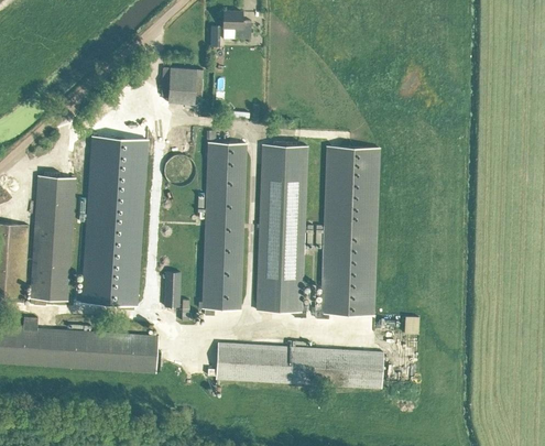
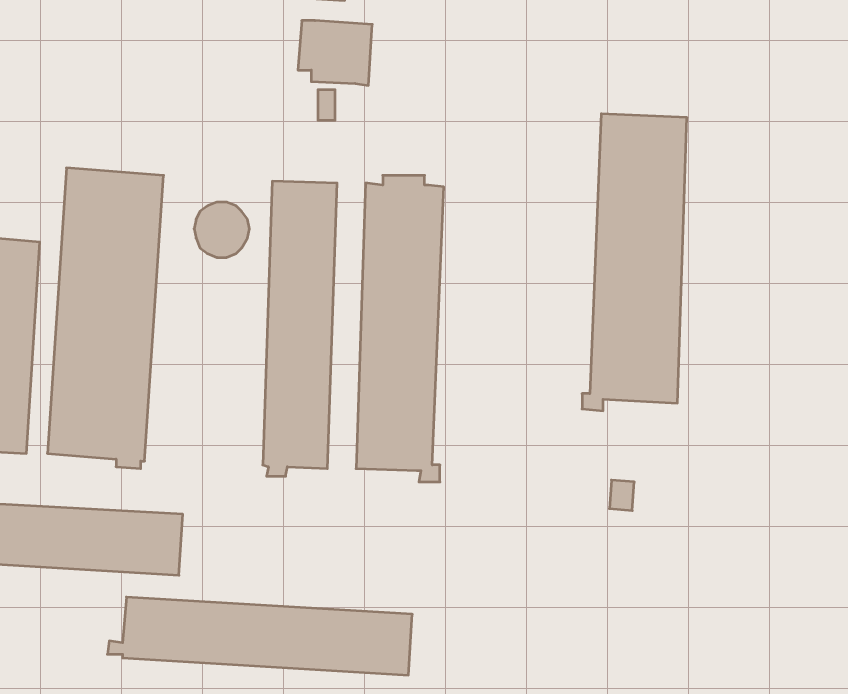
building: [161,67,204,105] -> [298,21,372,85]
building: [315,146,375,318] -> [582,114,687,411]
building: [164,271,182,307] -> none
building: [207,342,383,388] -> [107,597,412,675]

